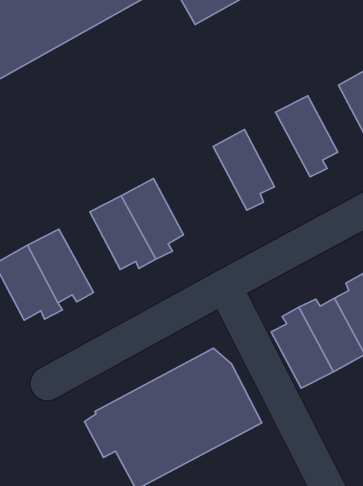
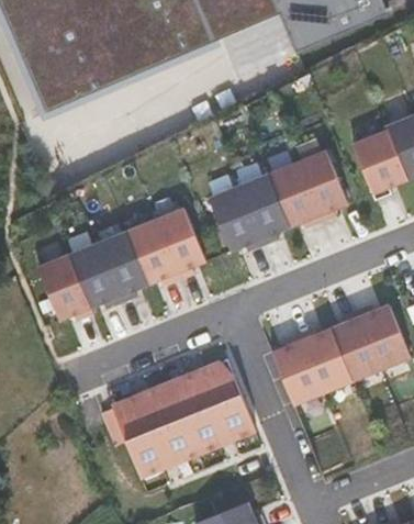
building: none -> [267,161,320,227]
building: none -> [209,186,261,250]
building: none -> [97,231,146,301]

